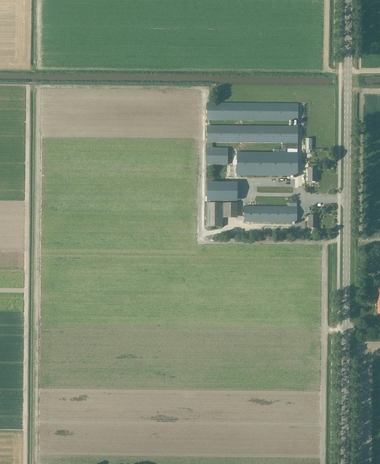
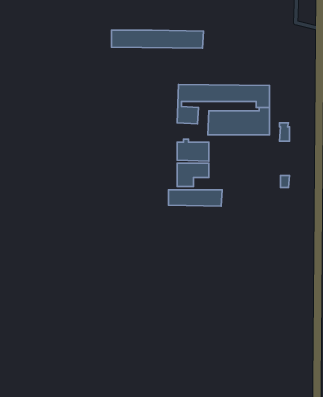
building: [207,102,298,120] -> [111,30,203,48]
building: [244,206,297,222] -> [169,190,222,206]

